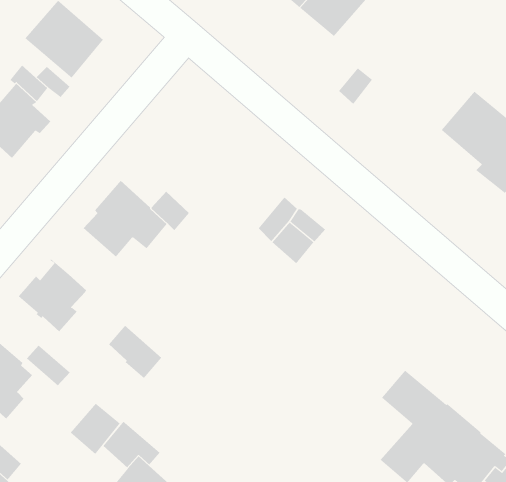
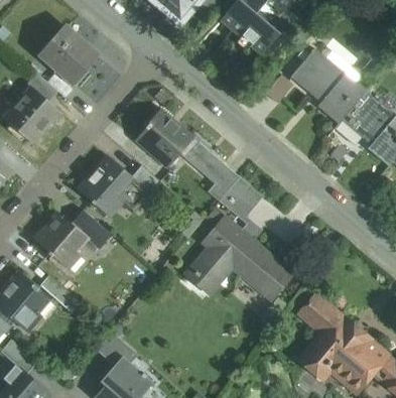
building: none -> [290,48,367,124]
building: none -> [138,110,218,172]
building: none -> [190,218,291,299]
building: [108,325,162,379] -> [72,211,111,250]
building: [70,403,121,455] -> none

